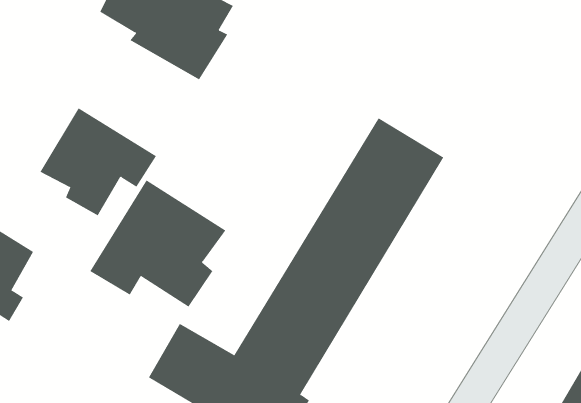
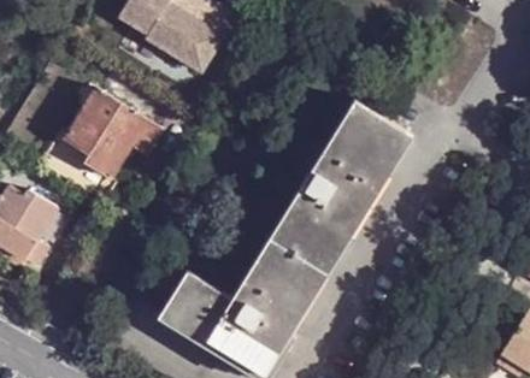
building: [89,179,226,307] -> none

